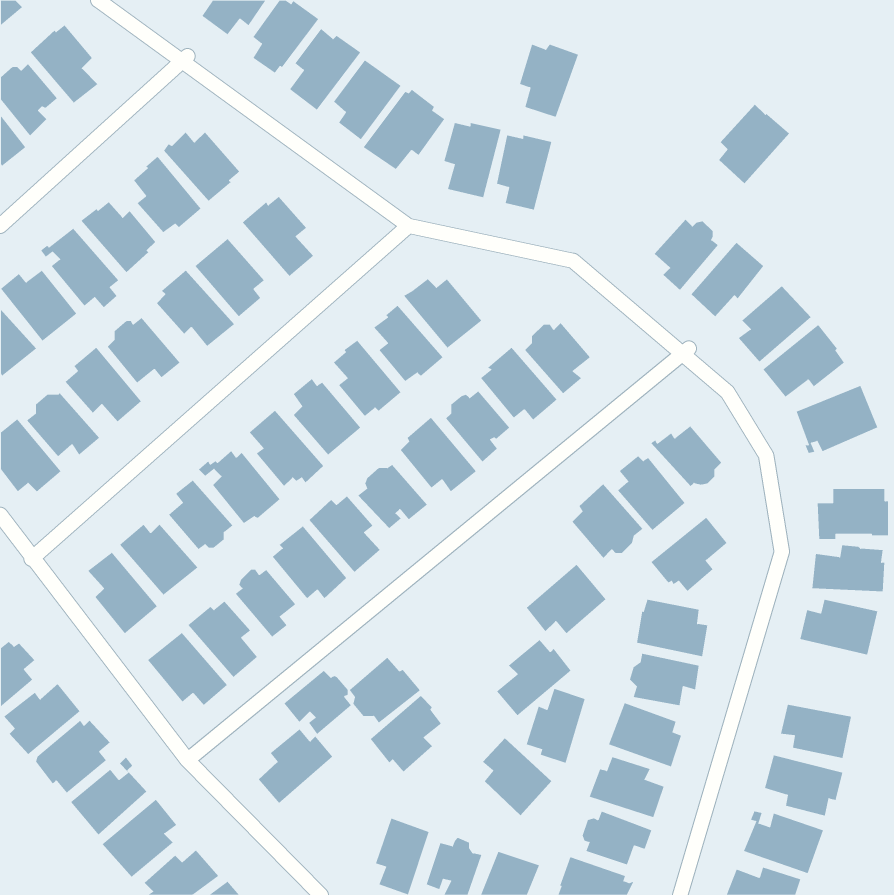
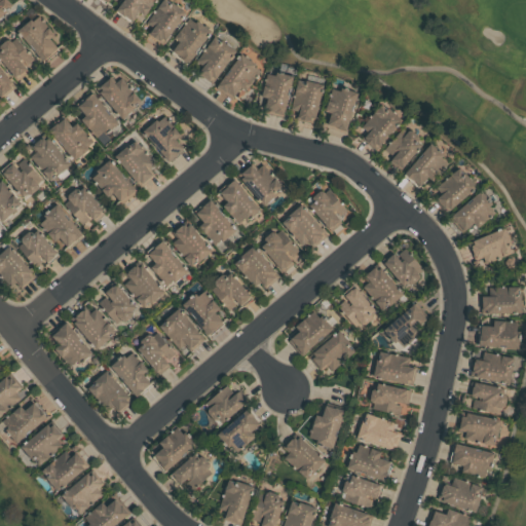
building: [519,44,579,118] -> [325,87,360,130]
building: [718,104,790,184] -> [361,103,403,150]
building: [496,639,571,716] -> [289,310,333,355]
building: none -> [467,381,508,413]
building: [284,670,352,735] -> [172,453,212,491]

